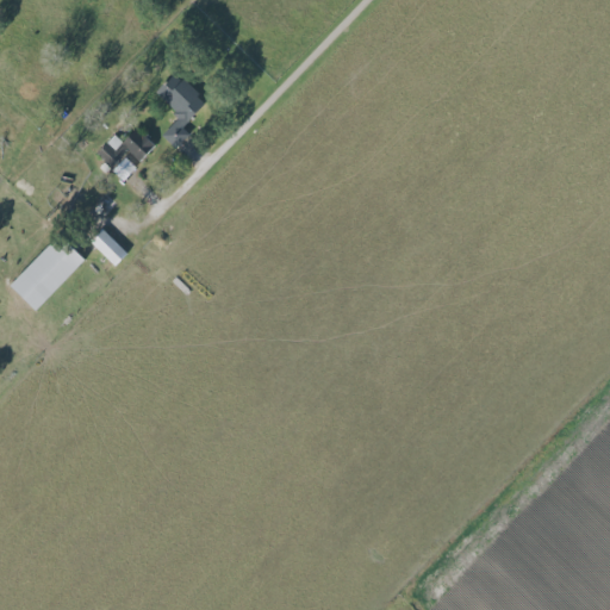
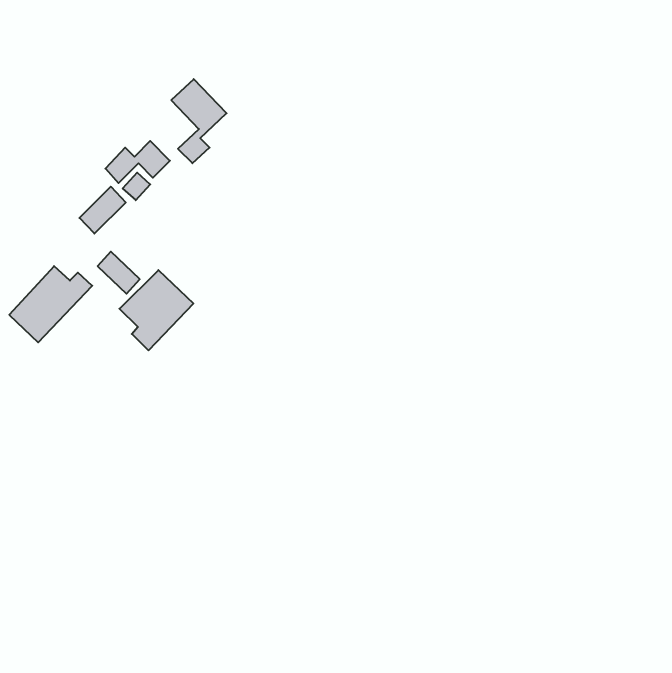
building: none -> [79,187,126,234]
building: none -> [119,270,193,350]

